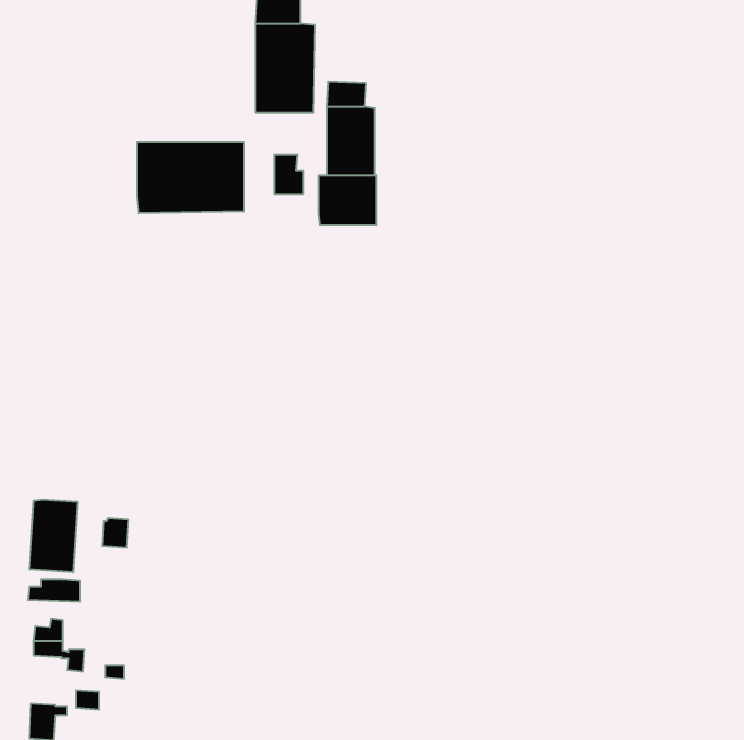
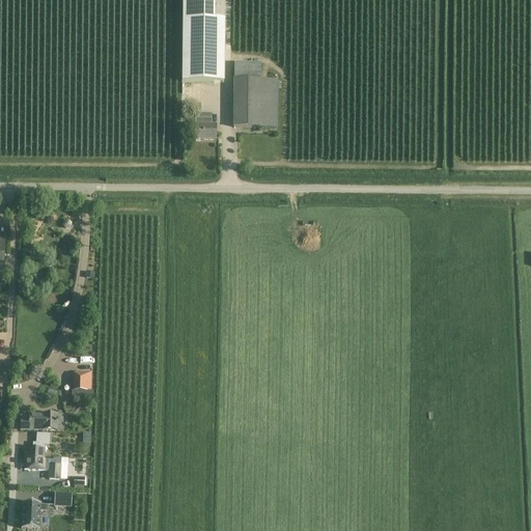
building: [137,142,244,213] -> none
building: [319,175,376,225] -> none
building: [30,500,77,572] -> none

